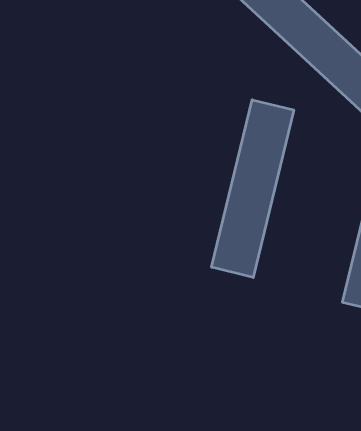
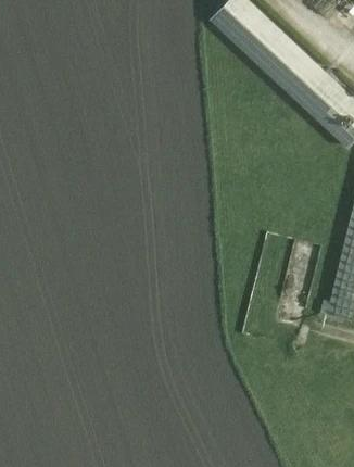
building: [212,100,294,278] -> none

